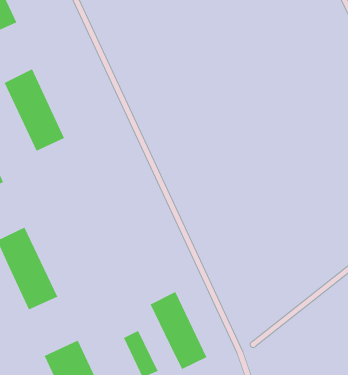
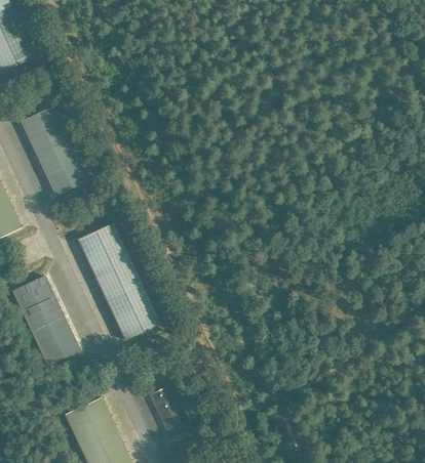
building: none -> [76,222,160,340]
building: [150,291,207,370] -> none

